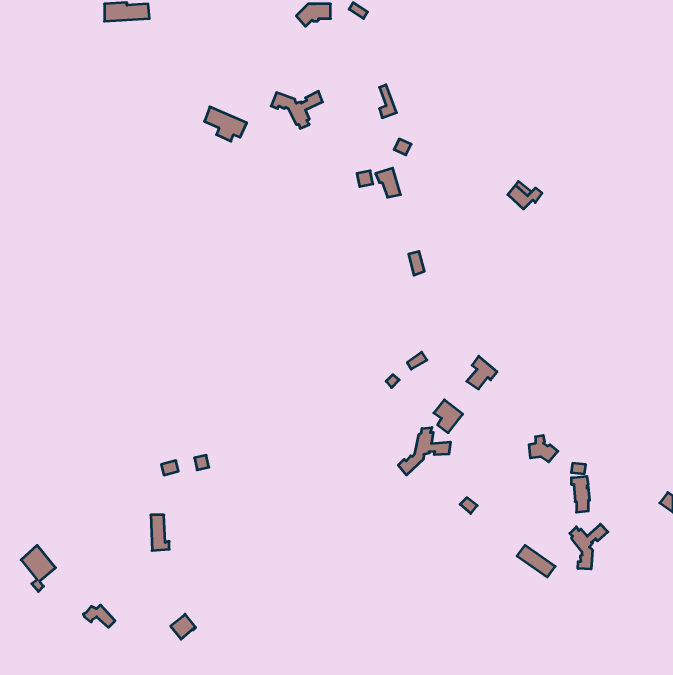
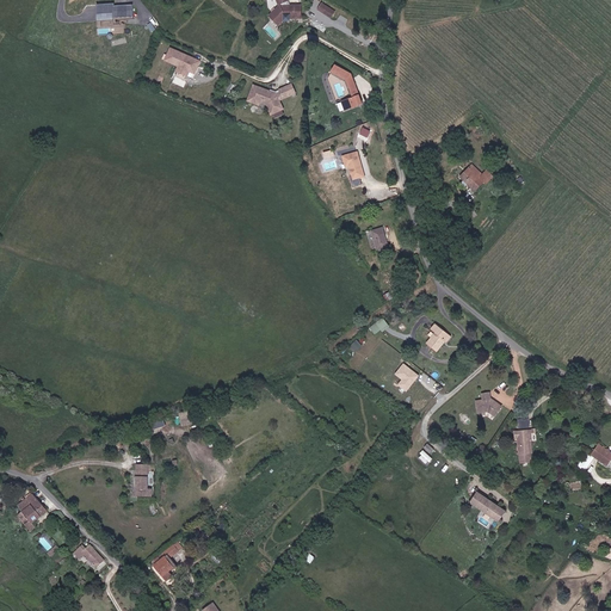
building: [204,107,247,141] -> [160,45,198,76]
building: [398,427,450,475] -> none
building: [570,524,608,569] -> none

